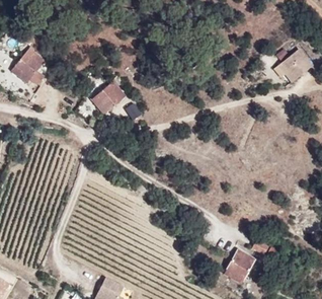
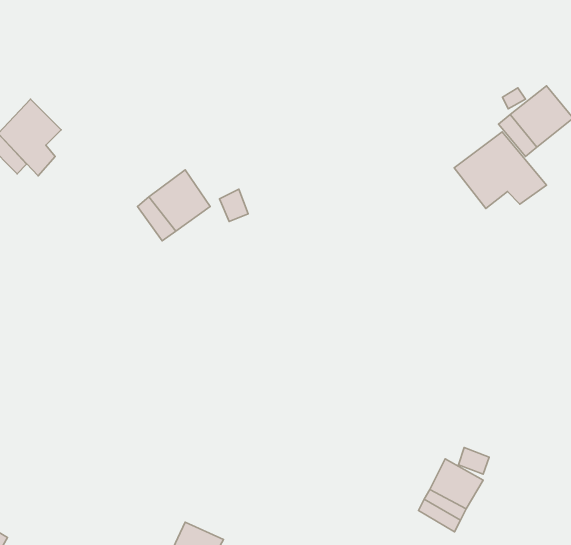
building: none -> [454,132,547,208]

